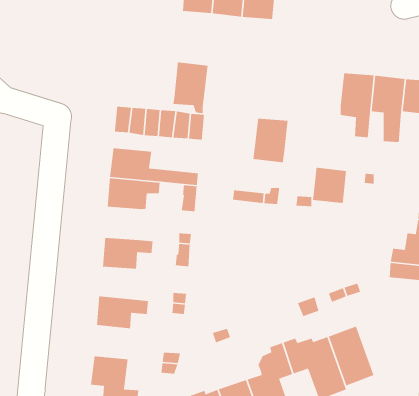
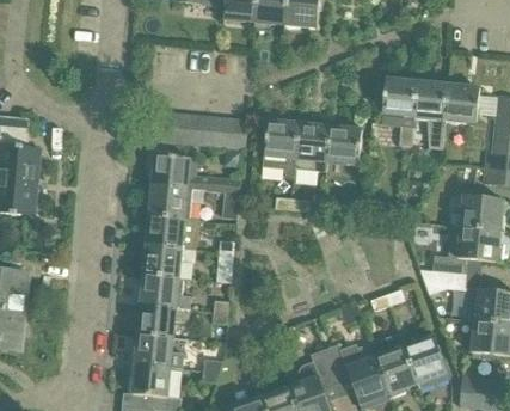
building: [173,62,208,114] -> [264,122,300,174]
building: [312,167,347,204] -> [327,128,362,165]
building: none -> [147,215,184,247]
building: none -> [141,275,192,308]
building: none -> [136,333,184,368]
building: none -> [404,333,448,388]

